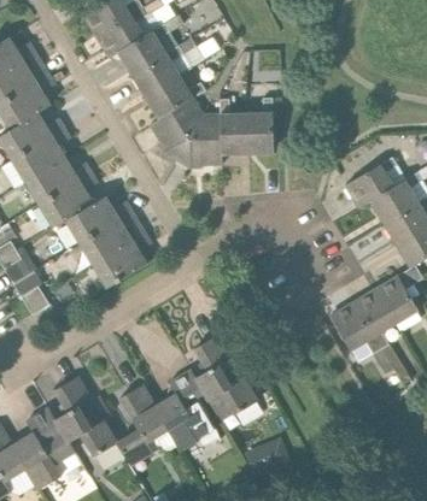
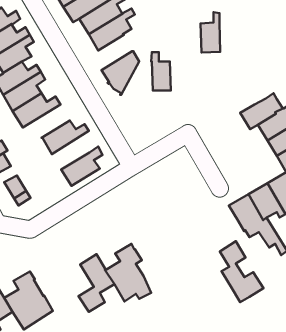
building: [145,75,206,118] -> none
building: [246,96,274,153] -> [201,12,220,53]
building: [177,112,222,166] -> none
building: [39,172,98,228] -> none
building: [80,210,138,264] -> none
building: [194,334,256,419] -> [220,241,263,302]
building: [54,376,117,455] -> none
building: [244,441,279,475] -> none

